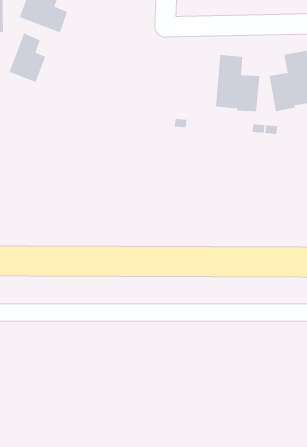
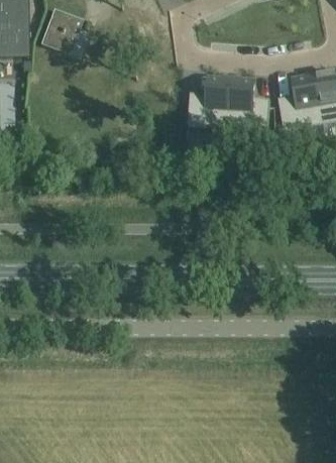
building: [9,33,46,83] -> none
building: none -> [187,74,231,126]

